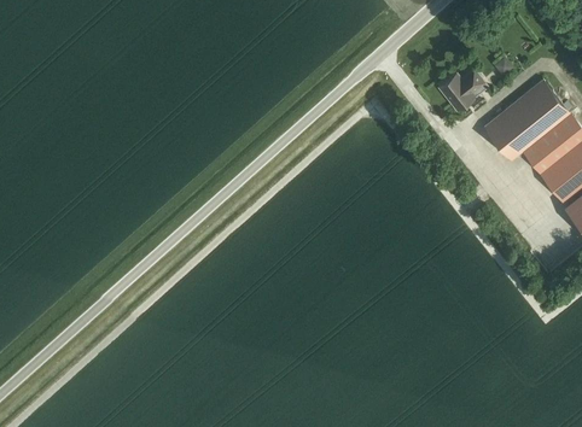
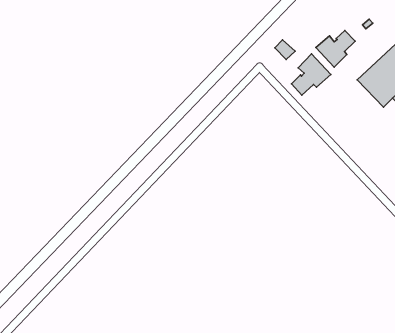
building: none -> [291,54,331,95]

